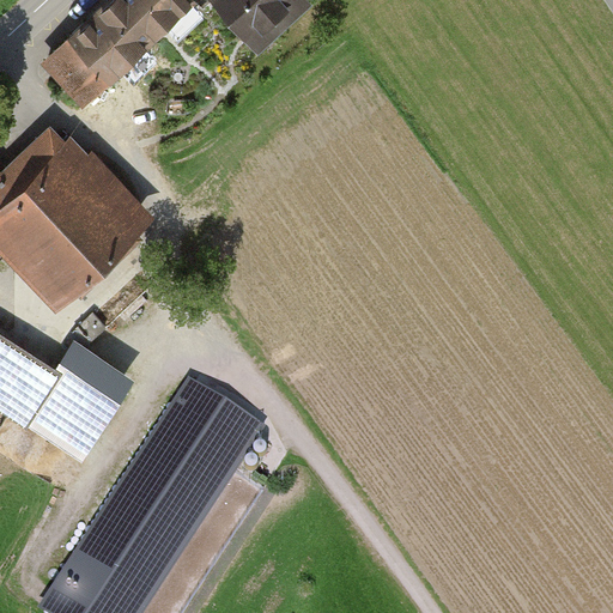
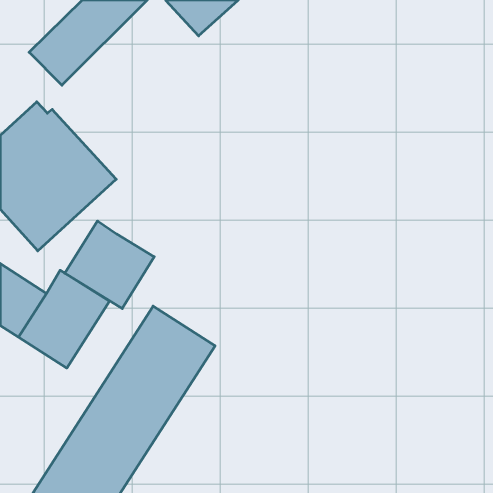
building: none -> [65,221,154,309]

